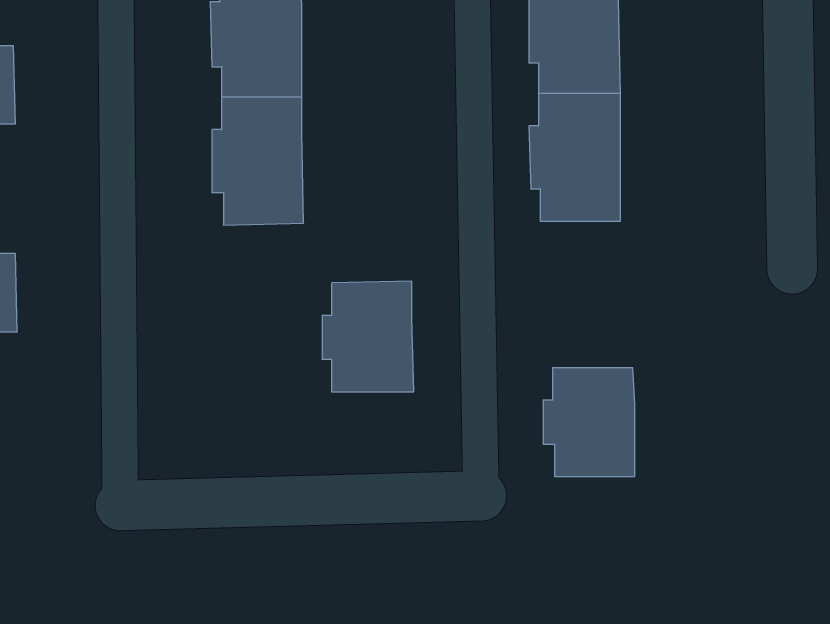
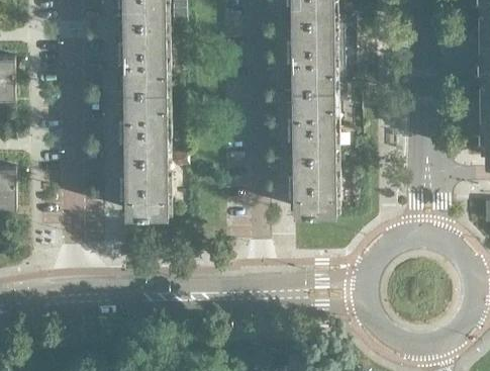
building: [322,281,414,392] -> [121,156,170,214]
building: [543,368,635,476] -> [289,155,337,212]

